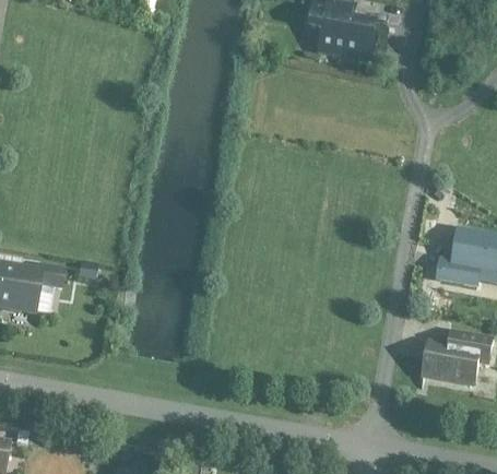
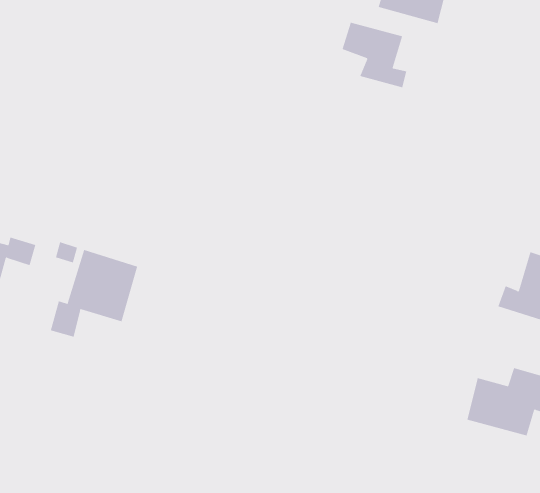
building: none -> [342,22,407,88]
building: none -> [50,249,138,338]

